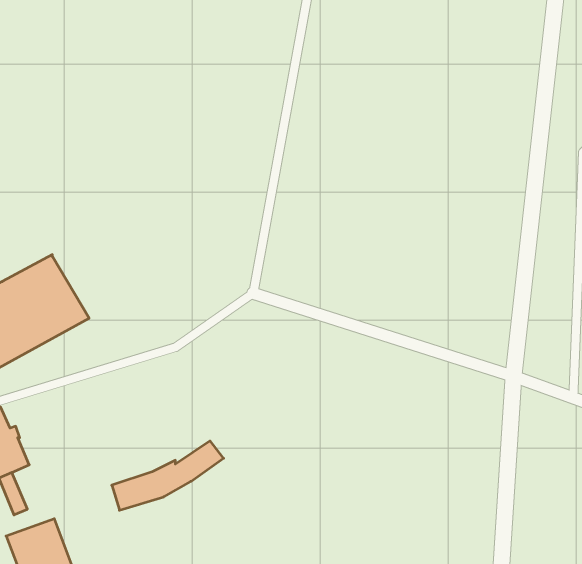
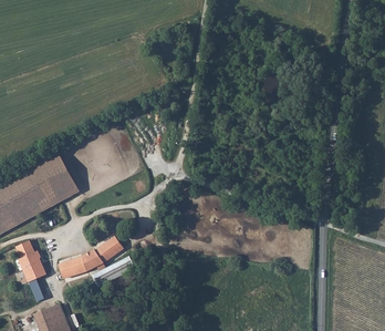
building: [112,441,224,510] -> [58,239,122,279]

